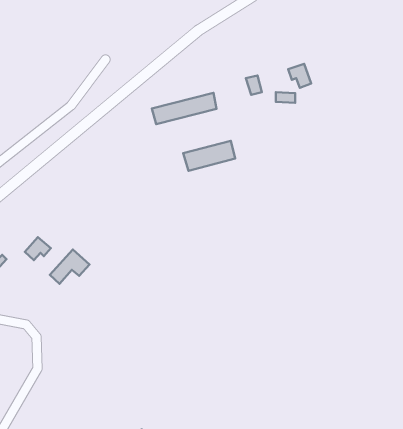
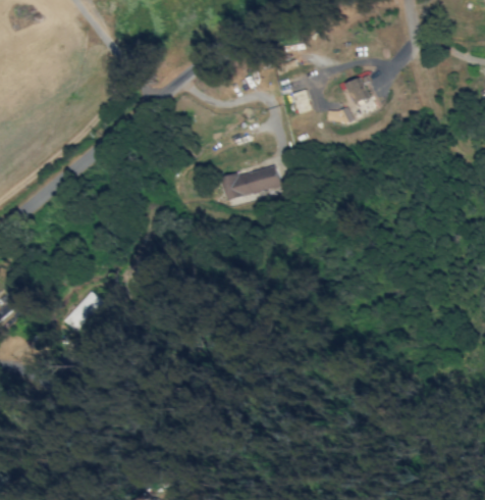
building: [152,93,217,124] -> none
building: [25,237,51,260] -> none

